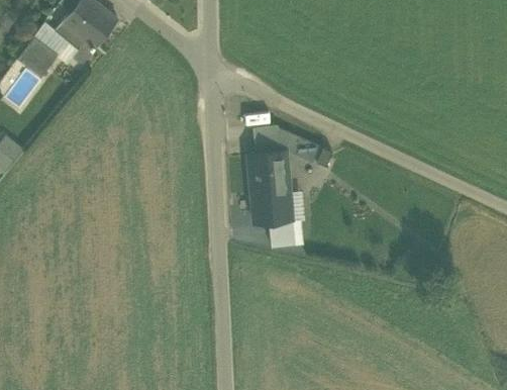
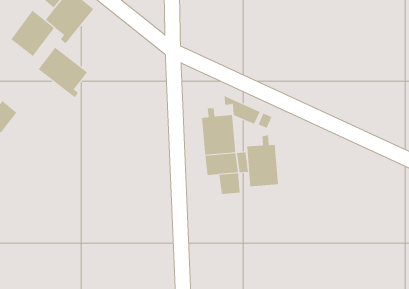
building: none -> [38,47,88,98]
building: [252,123,286,150] -> none
building: none -> [247,135,278,187]

